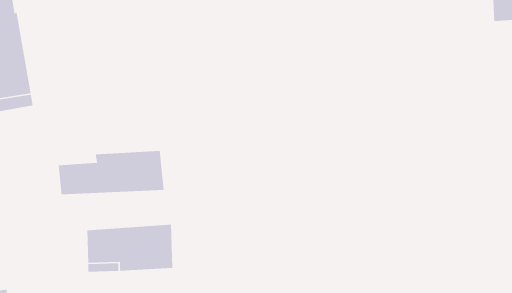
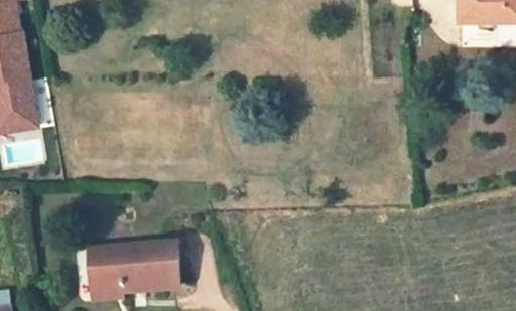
building: [58,150,165,195] -> none

